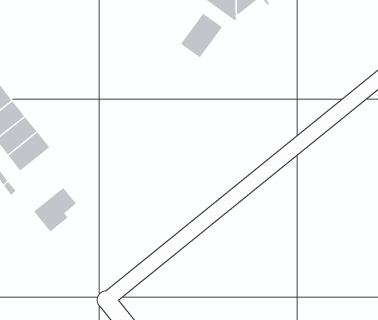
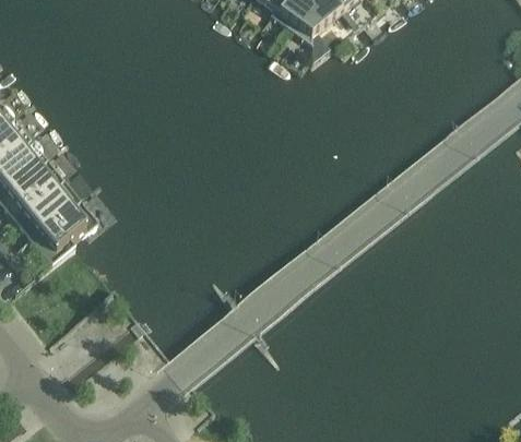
building: [180,13,223,58] -> none
building: [33,187,77,233] -> [28,200,85,259]

